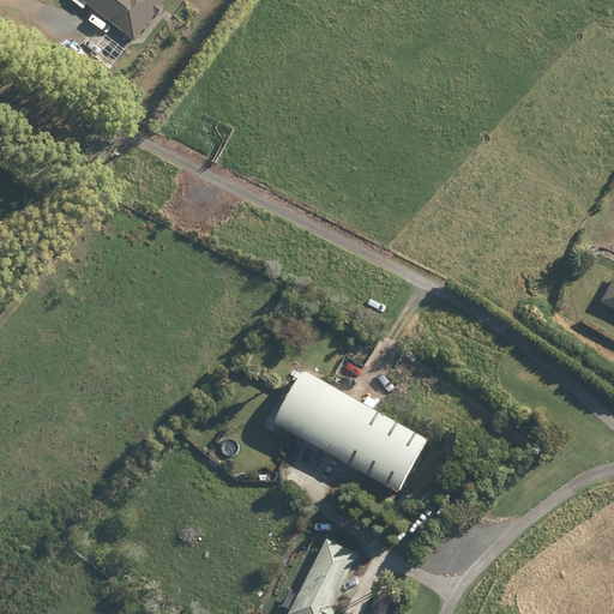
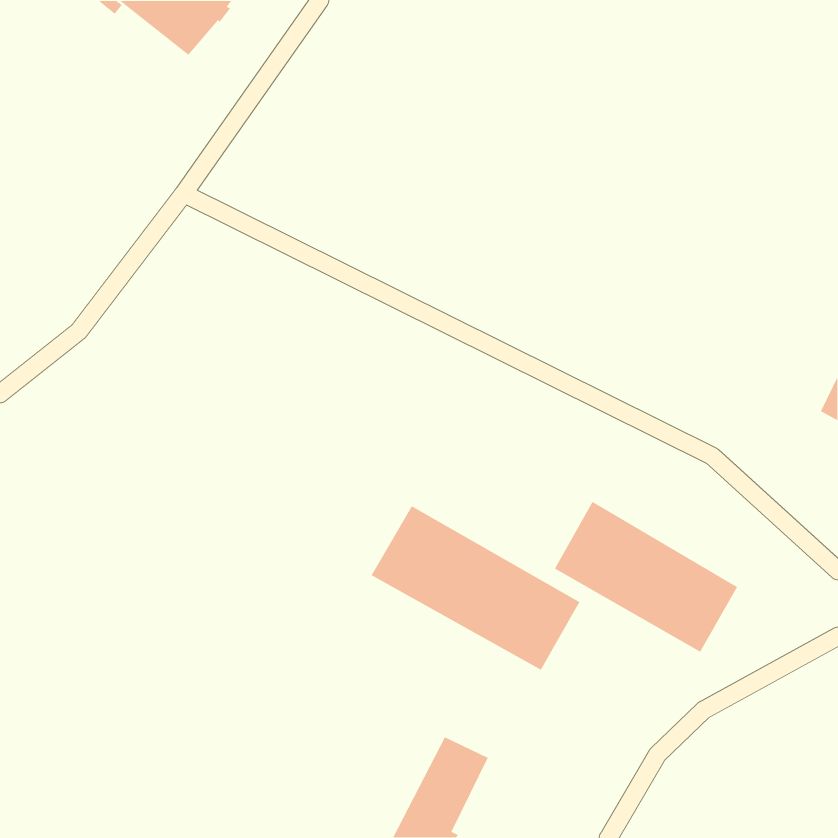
building: none -> [554,501,738,653]

